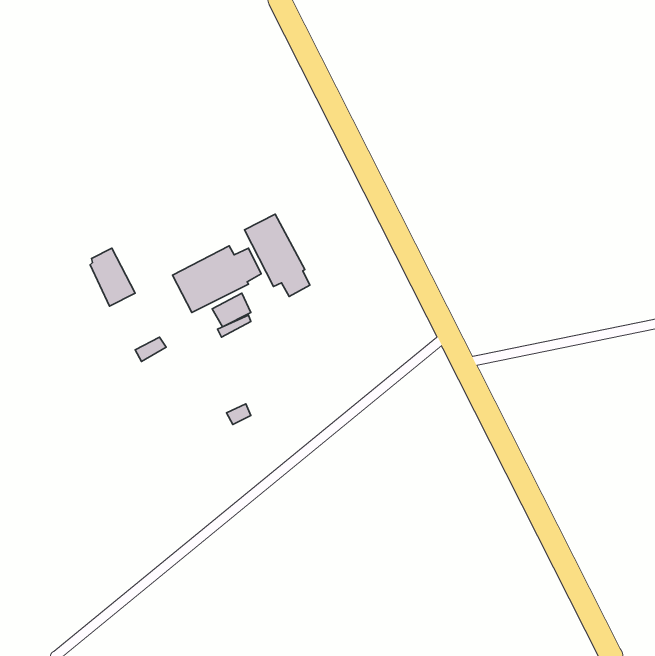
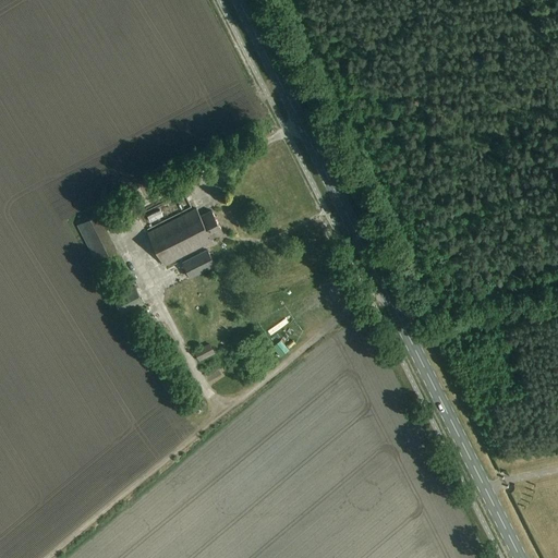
building: [245,214,310,296] -> none

